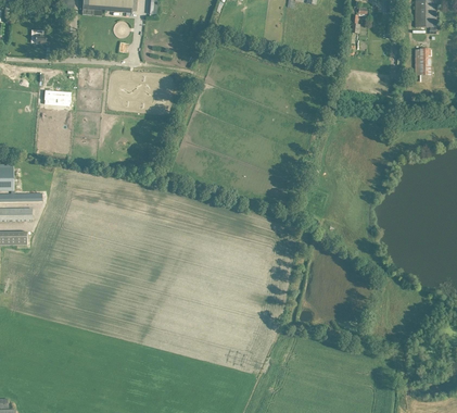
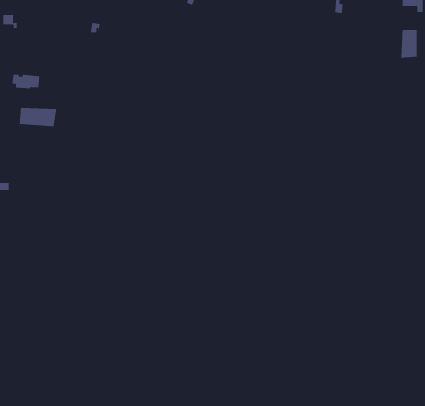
building: none -> [19,107,57,127]

